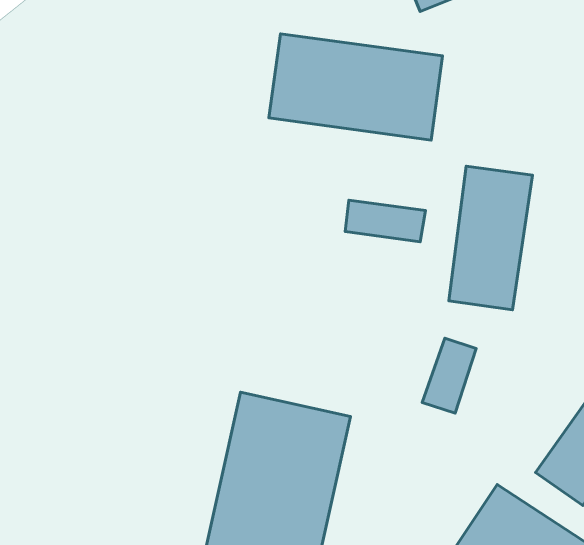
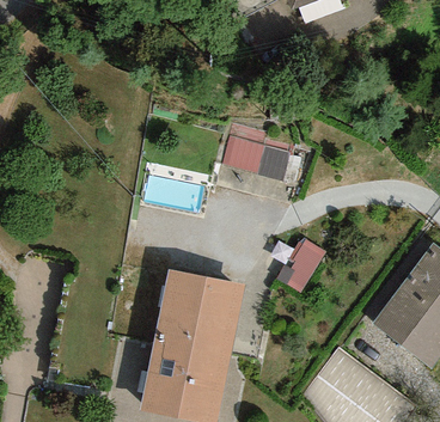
building: [269,34,443,140] -> none
building: [449,166,533,310] -> none

